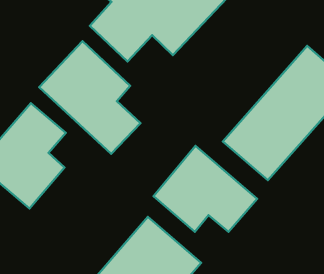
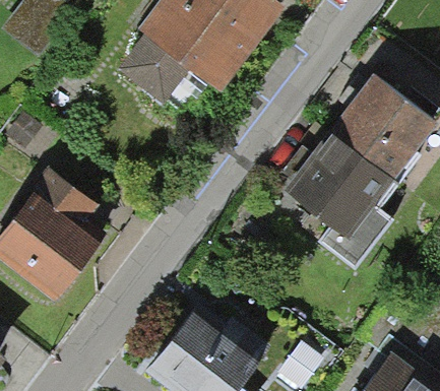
building: [39,41,140,154] -> none
building: [153,146,257,232] -> none

